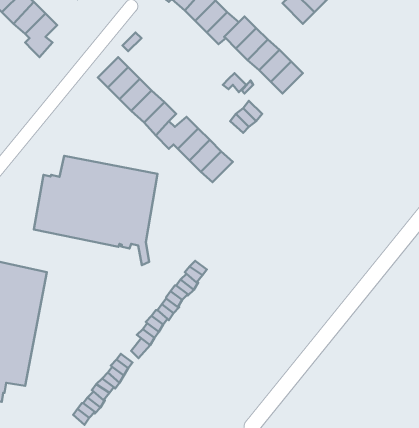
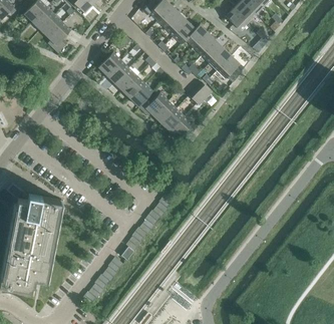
building: [34,156,158,265] -> none

